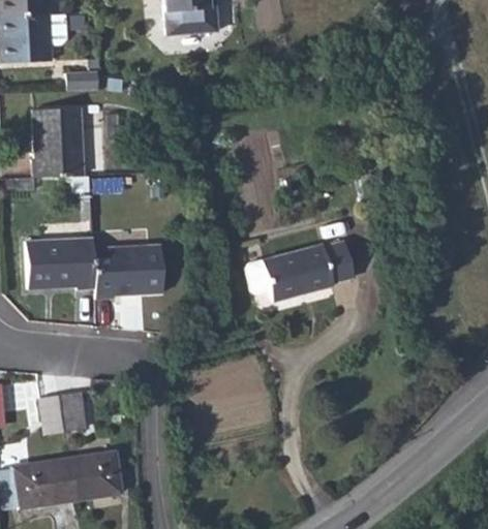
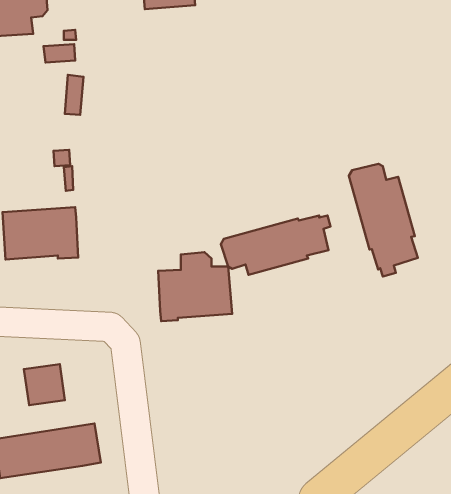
building: [32,104,85,180] -> none
building: none -> [349,164,418,276]
building: [96,227,171,297] -> [158,252,232,321]

